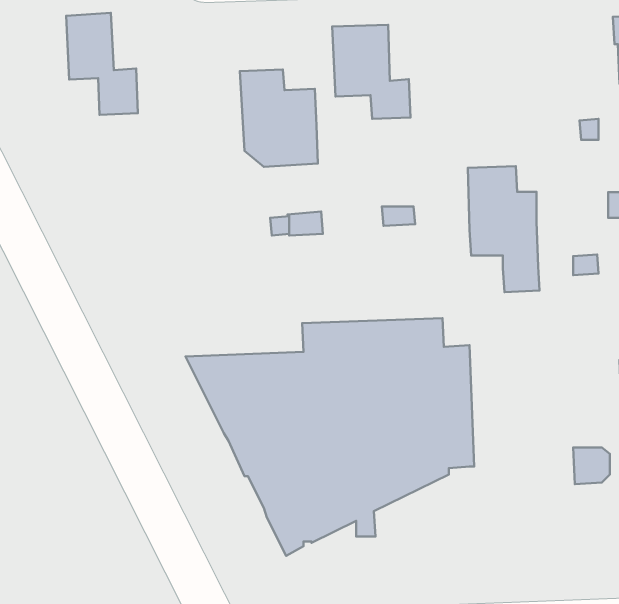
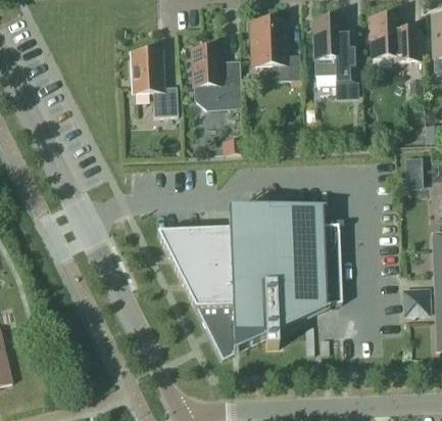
building: [66,13,138,115] -> [133,48,179,113]
building: none -> [372,13,423,58]
building: [468,166,540,292] -> [313,15,359,96]

